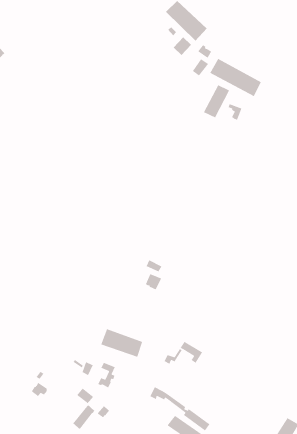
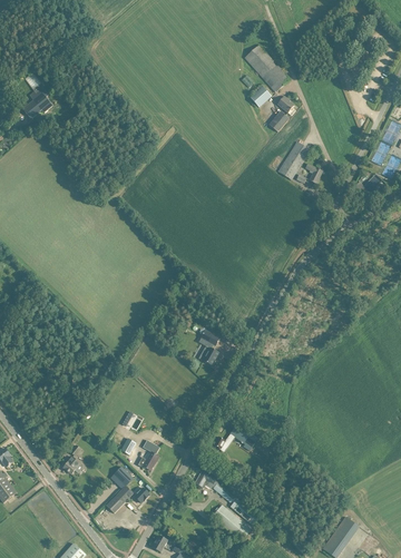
building: [209,58,262,97] -> none
building: [100,328,143,358] -> none

